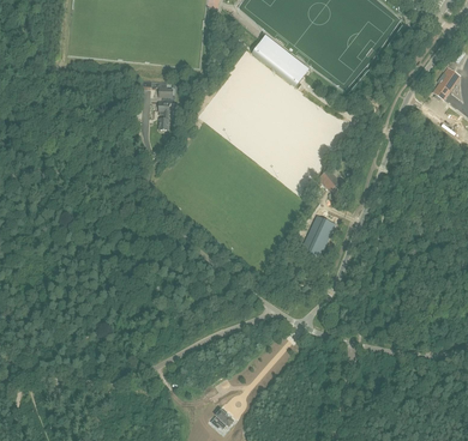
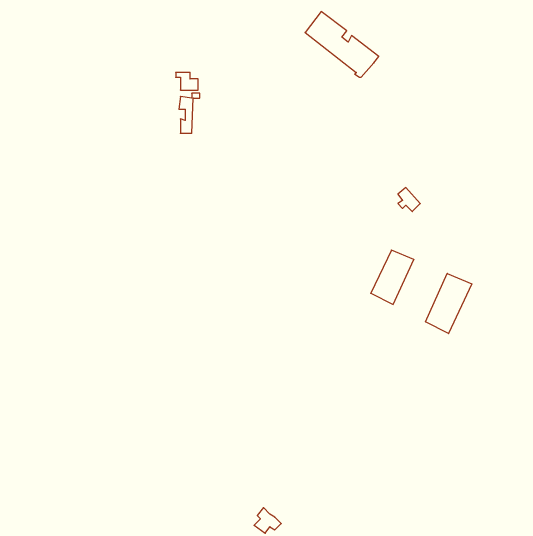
building: none -> [426,273,472,334]

